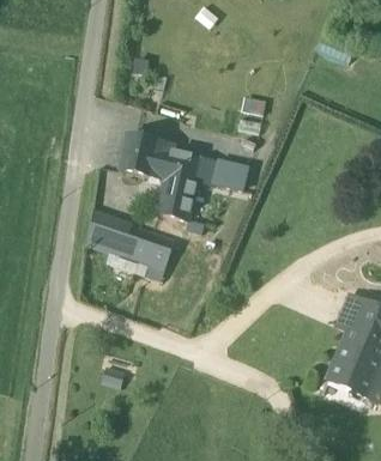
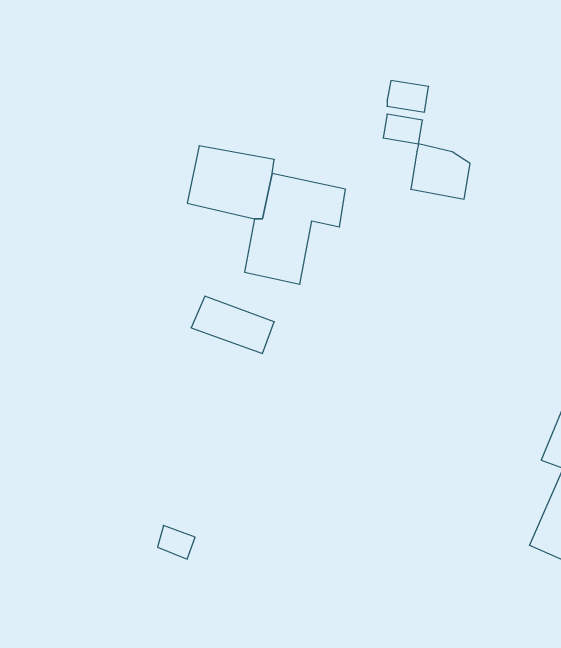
building: [213,156,249,189] -> [411,144,470,199]
building: [87,211,167,275] -> none

